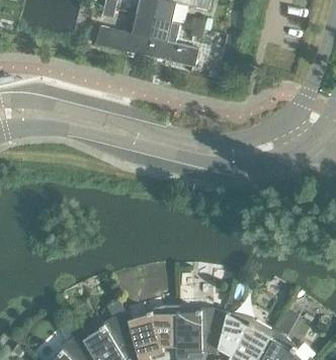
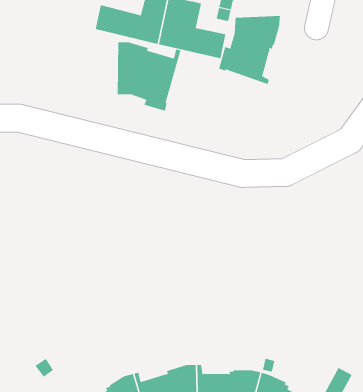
building: none -> [219,15,280,85]
building: none -> [117,41,181,112]

